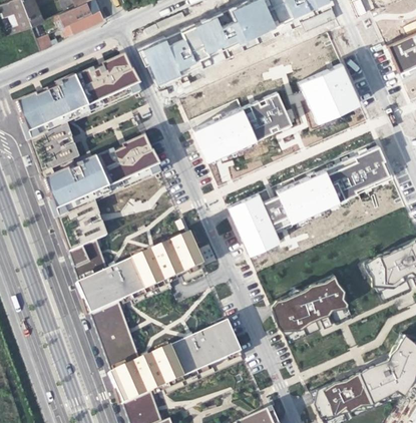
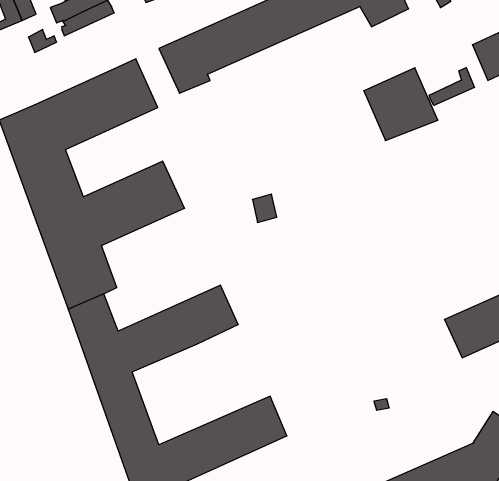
building: none -> [429,68,475,105]
building: [192,91,291,162] -> none
building: [227,144,392,256] -> none
building: [269,275,348,333] -> none

